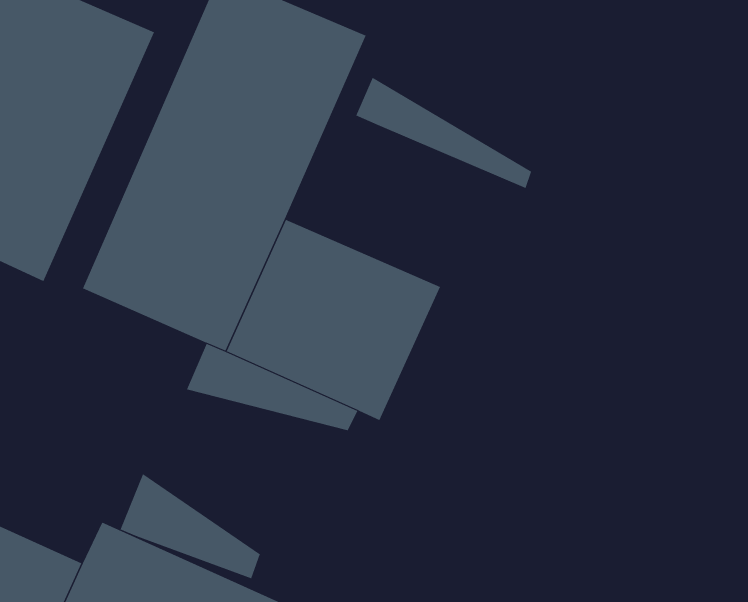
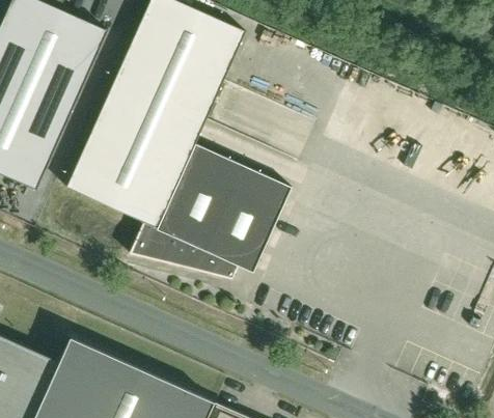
building: [356,77,532,189] -> none
building: [120,473,260,579] -> none

